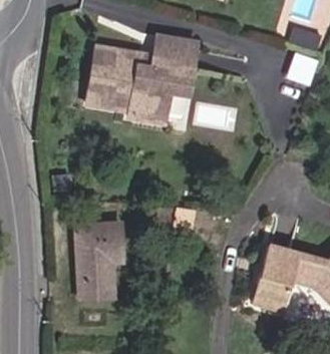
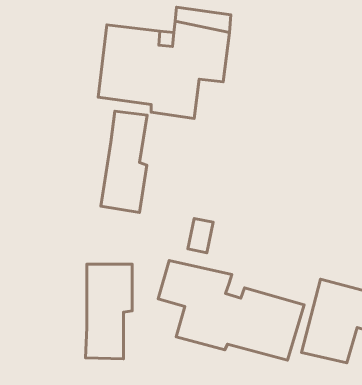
building: none -> [101,111,147,213]
building: none -> [158,261,304,360]

